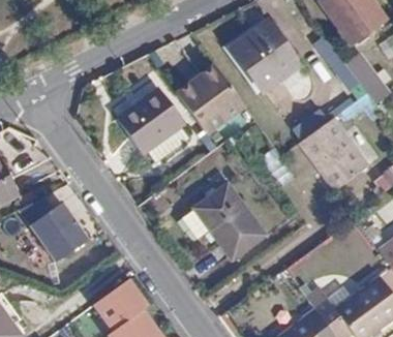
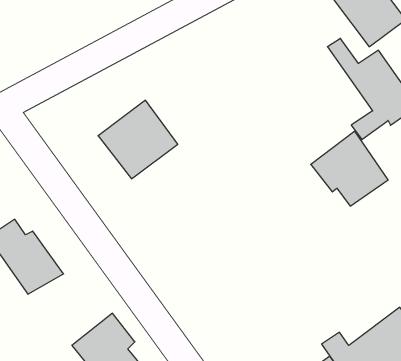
building: [234,25,302,95] -> none
building: [178,66,252,142] -> none
building: [196,183,270,261] -> none

